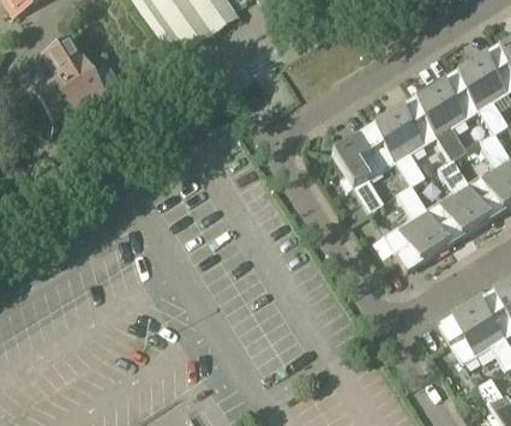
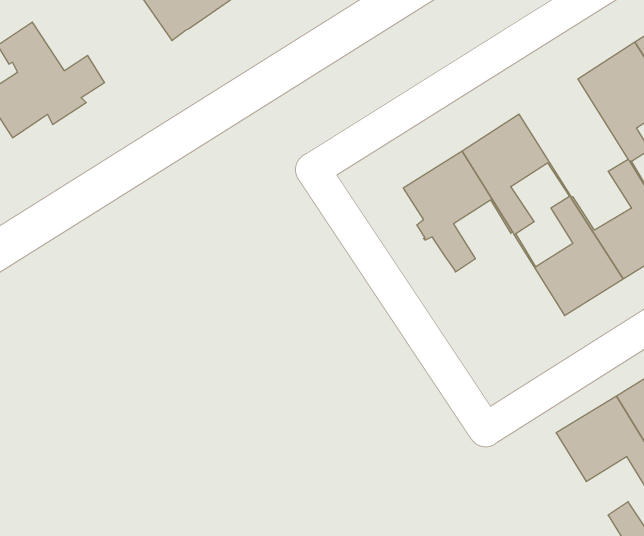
building: [415,74,493,160] -> none
building: [384,184,447,270] -> none

